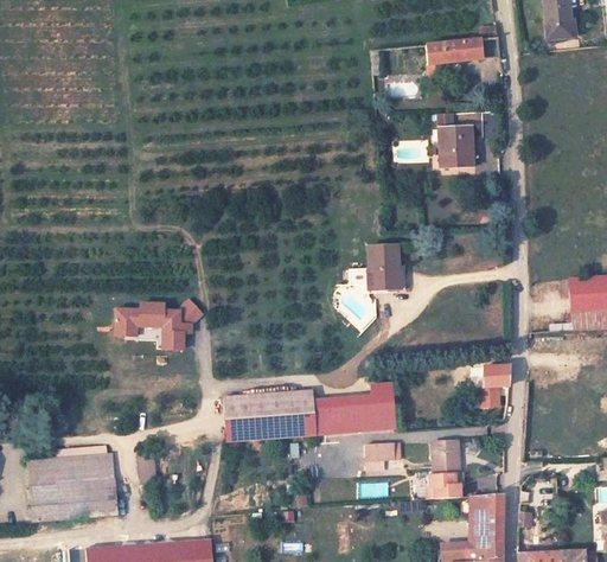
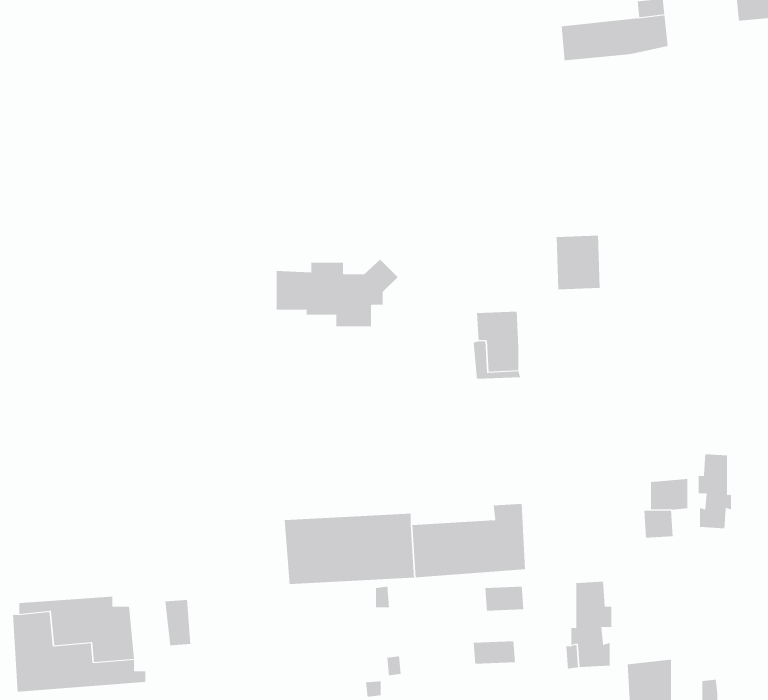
building: [436,126,468,165] -> [556,235,601,290]
building: [114,300,202,349] -> [276,259,399,327]
building: none -> [698,453,731,529]

